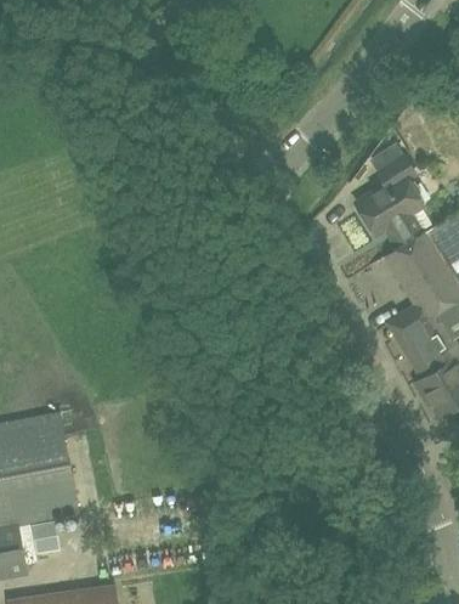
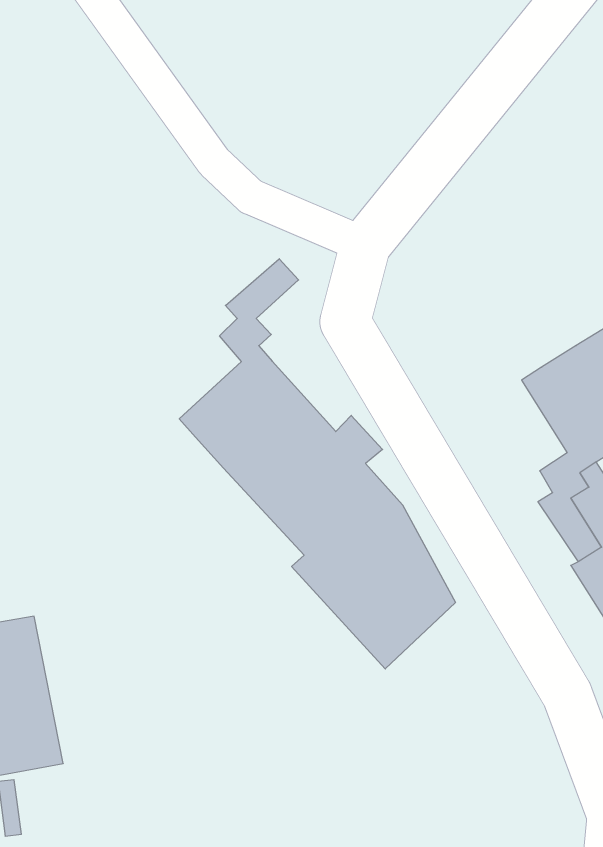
building: [356,156,423,248] -> none
building: none -> [179,259,455,669]

